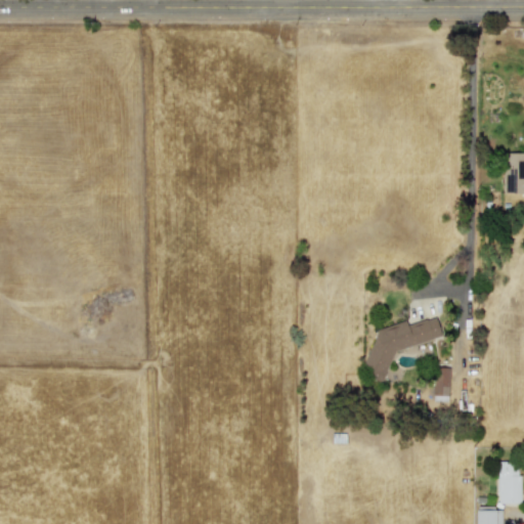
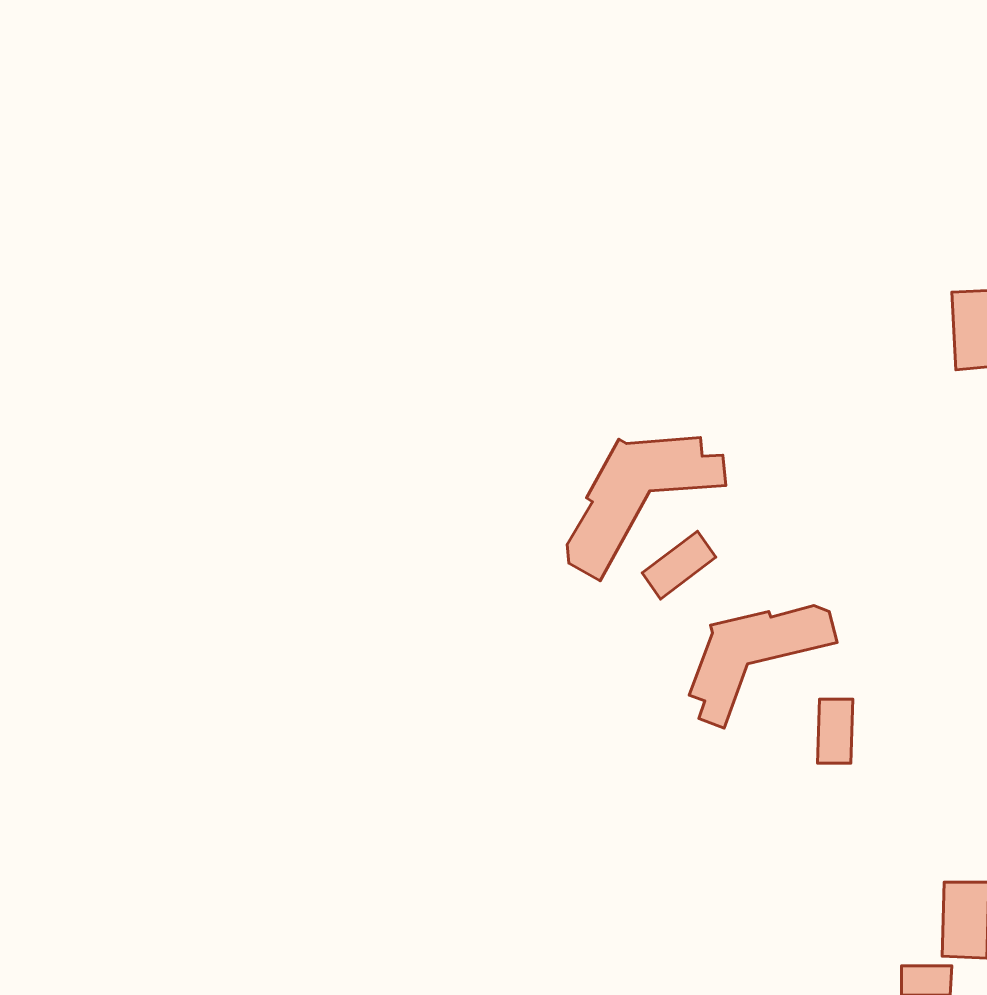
building: none -> [567,438,726,581]
building: none -> [642,531,716,599]

